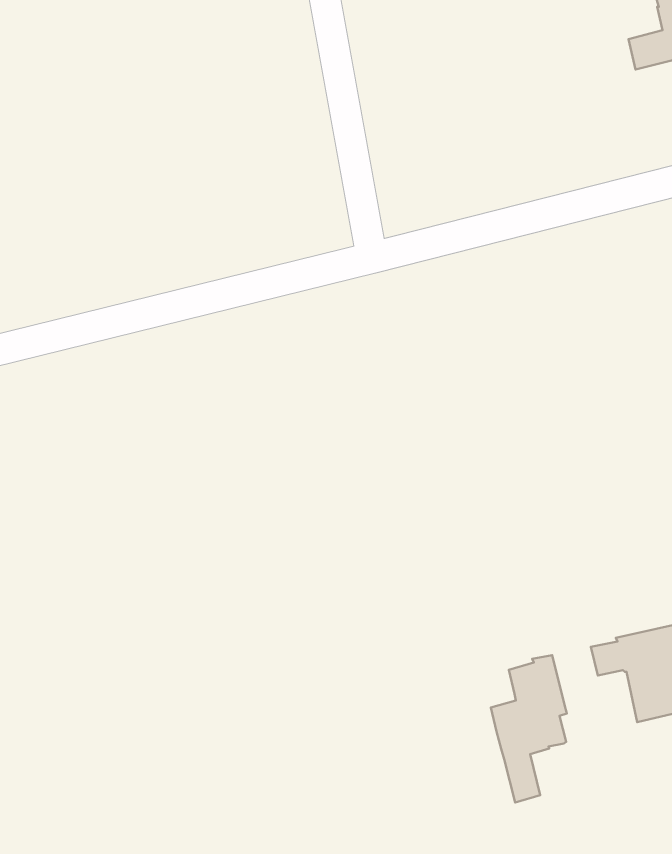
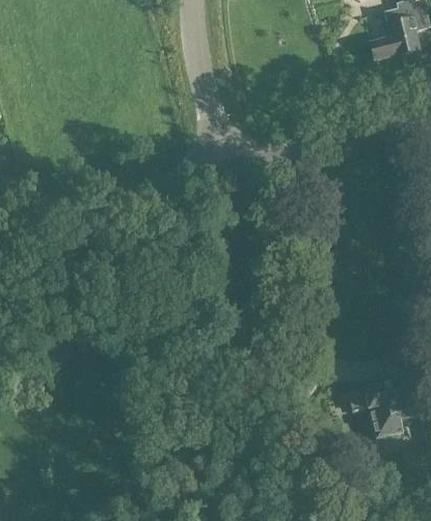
building: [491,655,567,802] -> none

